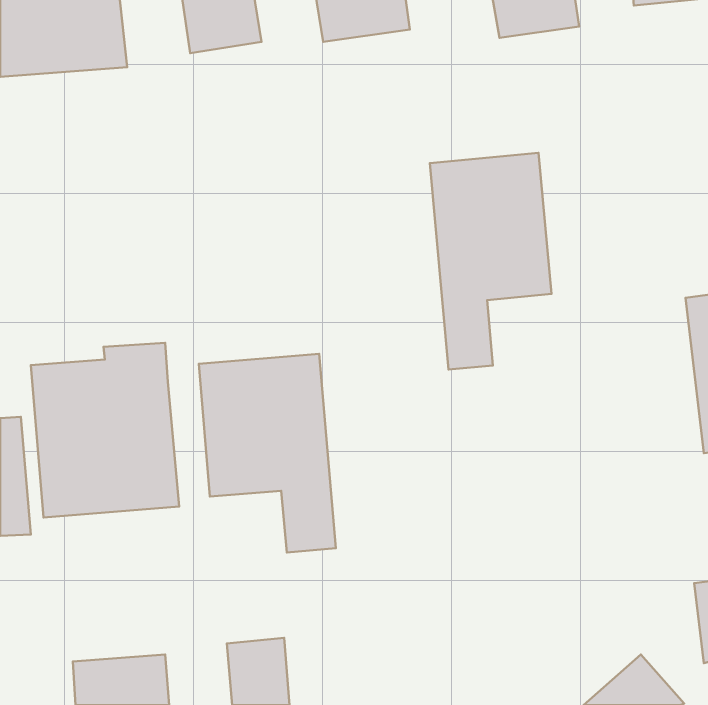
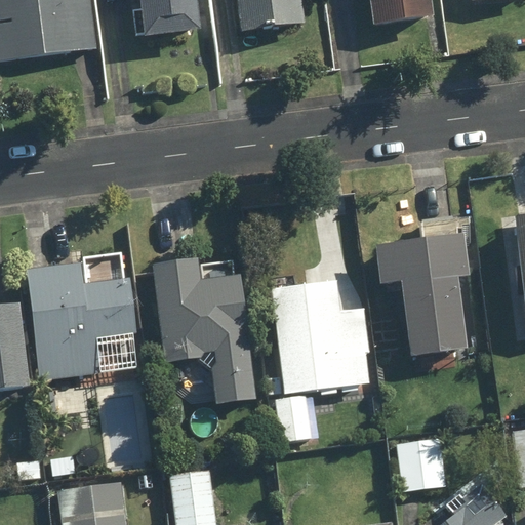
building: [430,153,552,370] -> none
building: none -> [374,214,466,360]
building: none -> [267,285,371,442]
building: none -> [398,435,446,489]

